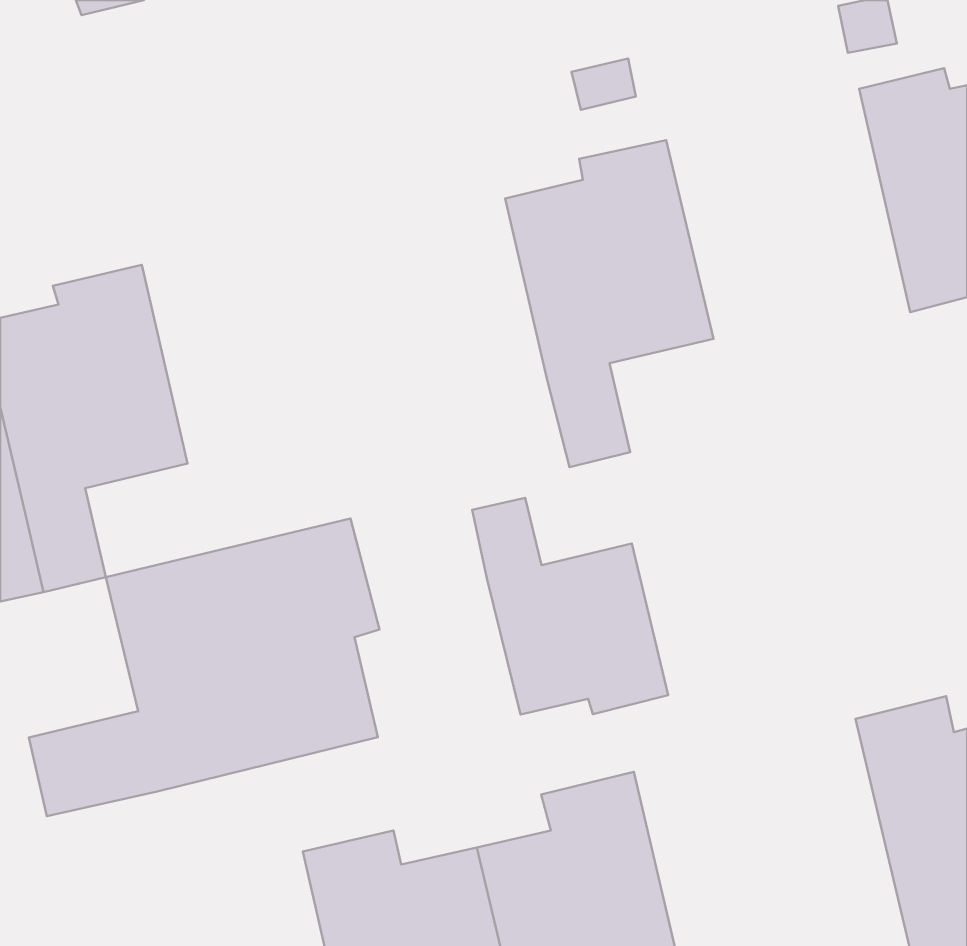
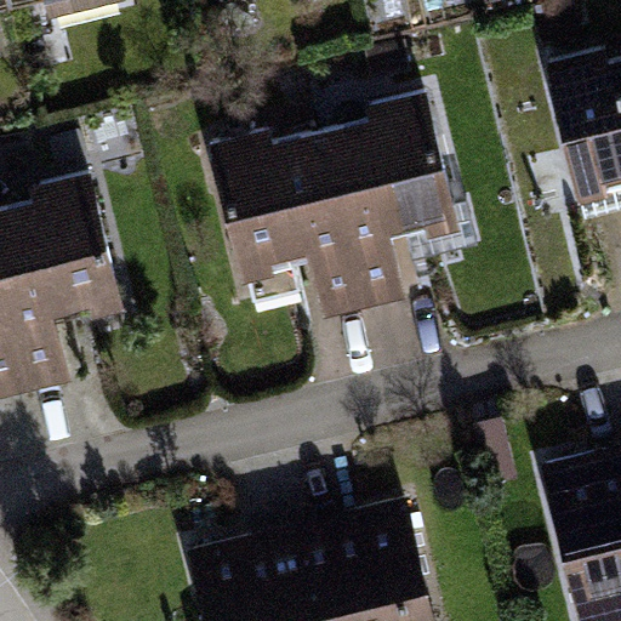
building: none -> [215,139,365,323]
building: [472,498,668,715] -> none
building: [29,518,379,816] -> none

